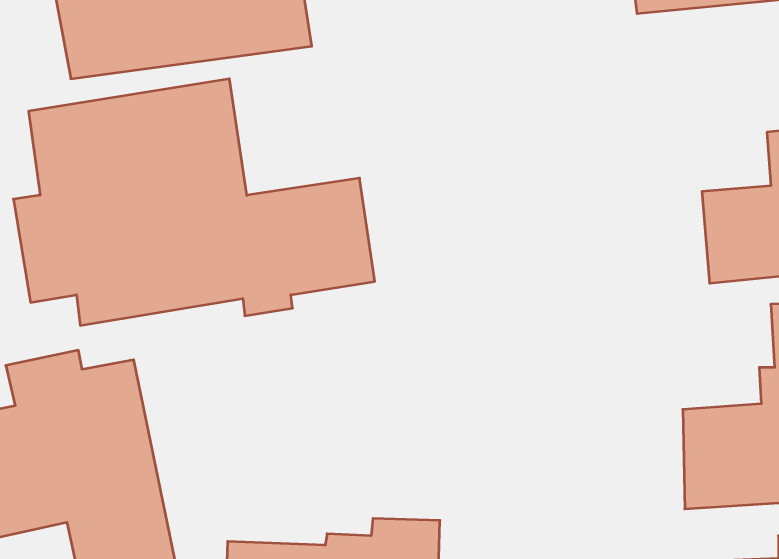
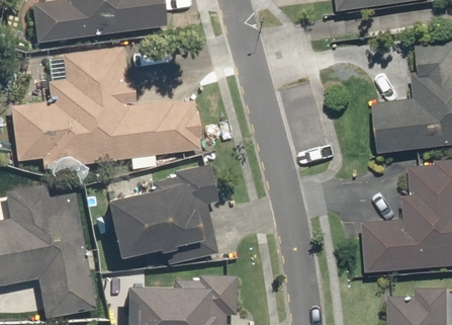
building: none -> [102,162,217,266]

